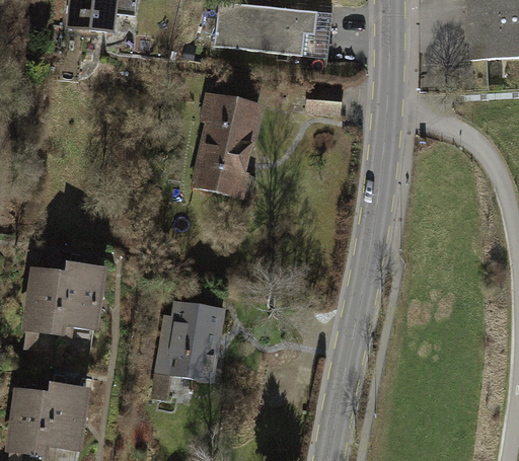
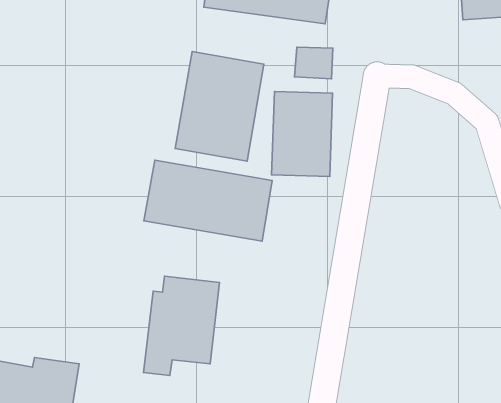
building: none -> [271,91,333,177]
building: none -> [144,160,272,241]
building: [24,257,103,335] -> none

